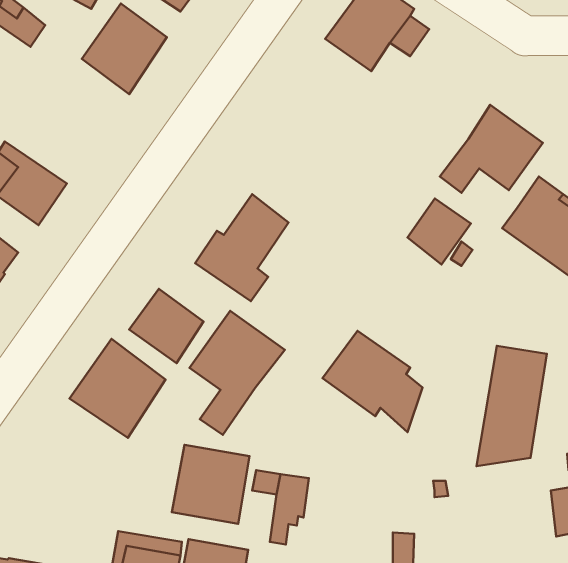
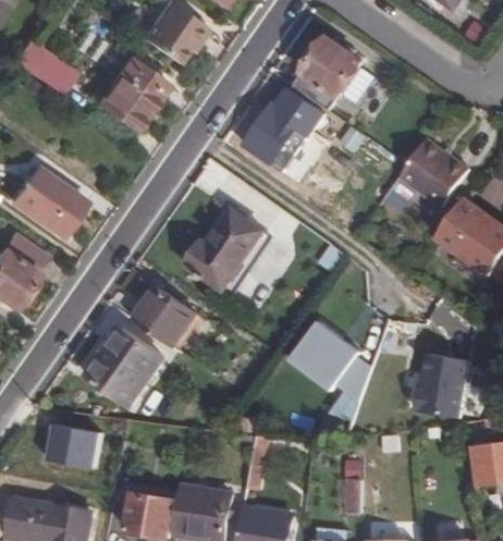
building: none -> [246,89,323,170]
building: [407,198,471,264] -> none
building: [189,311,285,435] -> none
building: [172,445,249,524] -> none
building: none -> [48,425,101,467]

